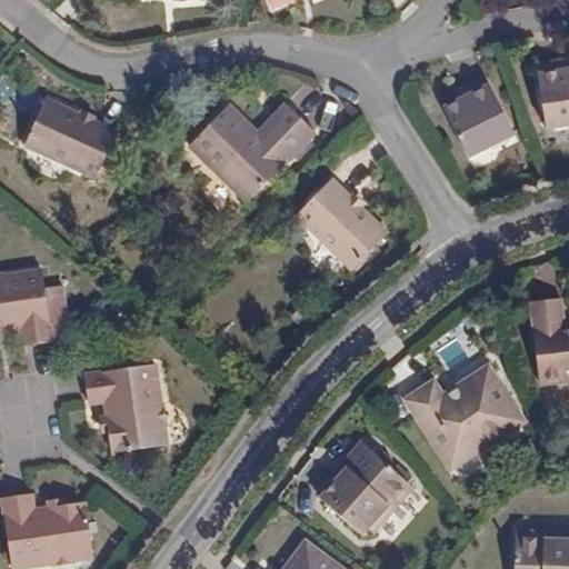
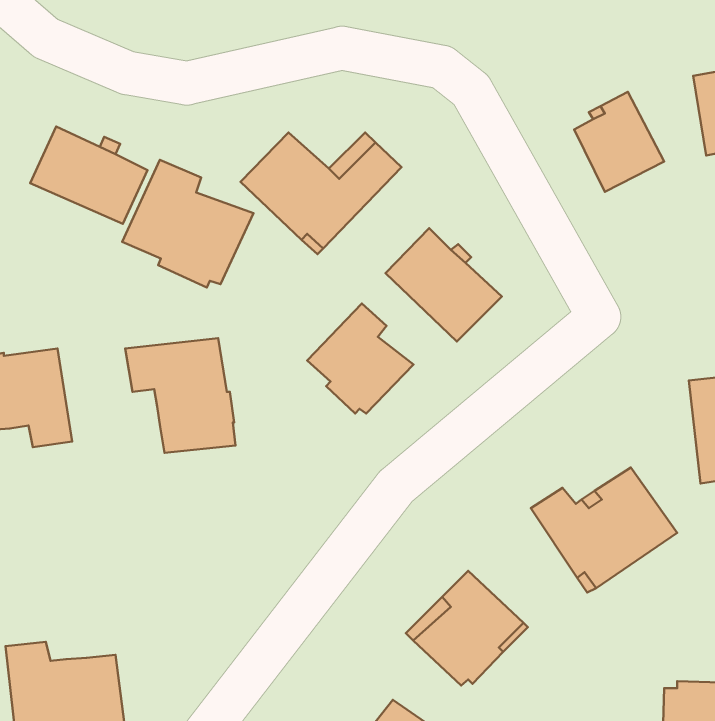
building: none -> [122,160,254,287]
building: none -> [307,304,413,414]
building: [88,363,172,451] -> [125,338,236,453]

